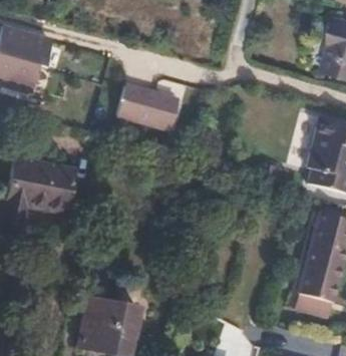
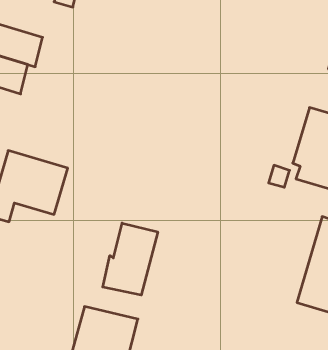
building: [118,87,179,131] -> none
building: none -> [103,223,158,295]

